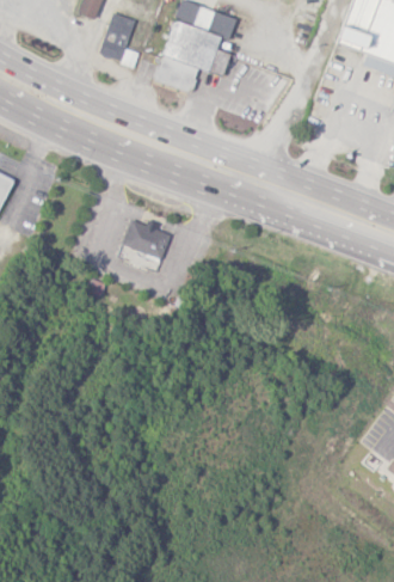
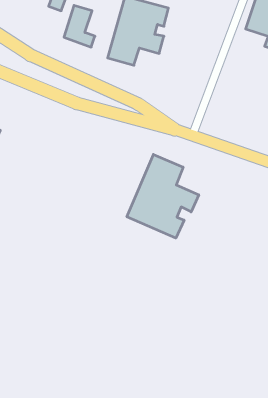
building: none -> [127,154,199,238]
building: [122,219,171,259] -> none

